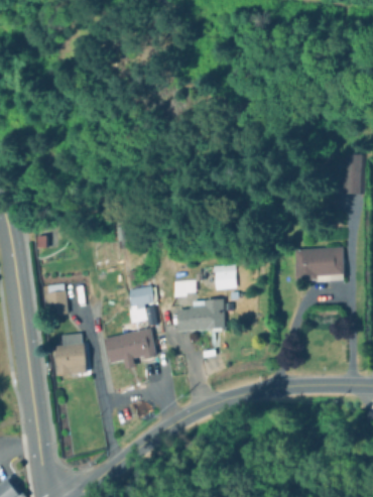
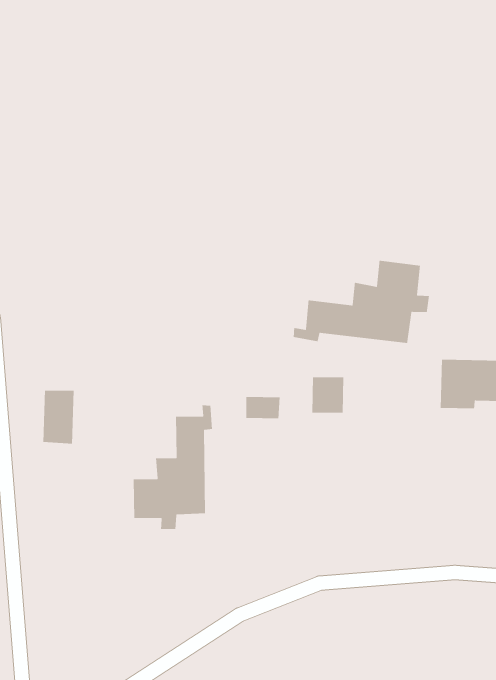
building: none -> [293,260,430,344]
building: [176,298,225,330] -> none
building: [55,333,85,375] -> none

